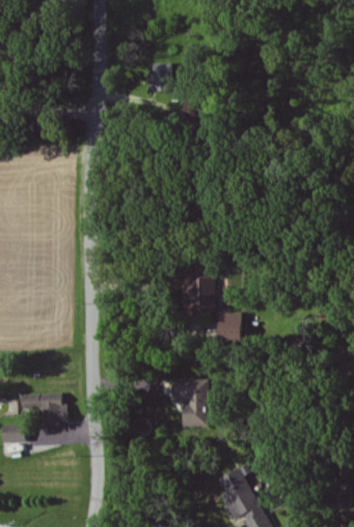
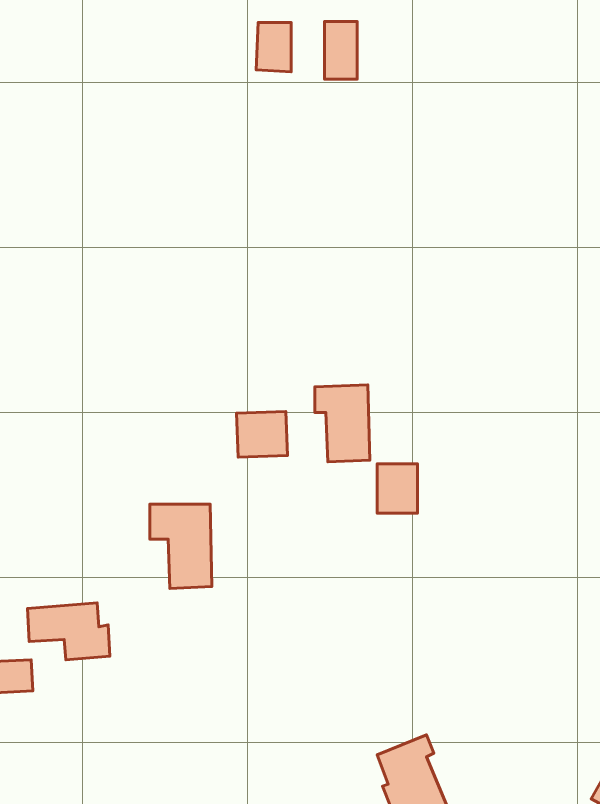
building: none -> [324,21,357,79]
building: none -> [237,411,287,457]
building: [172,380,208,427] -> [150,504,212,588]

